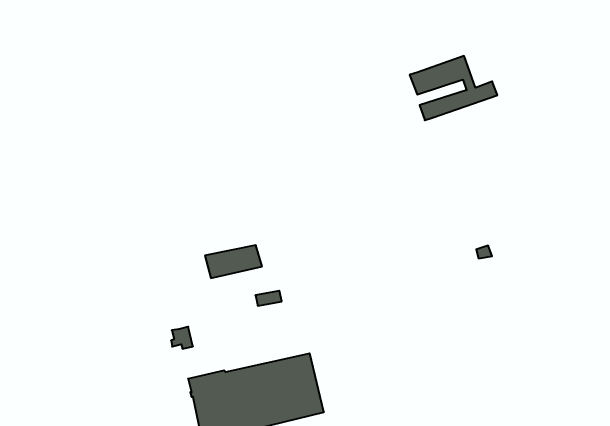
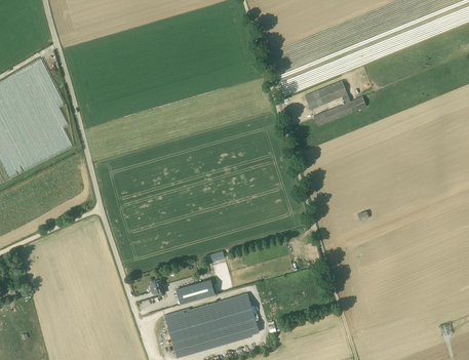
building: [205,245,262,278] -> [175,279,216,304]

